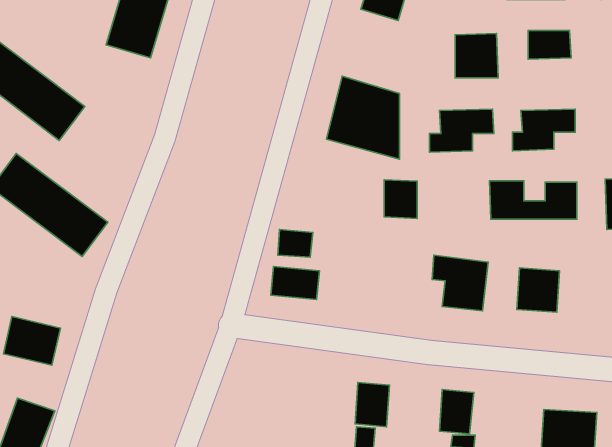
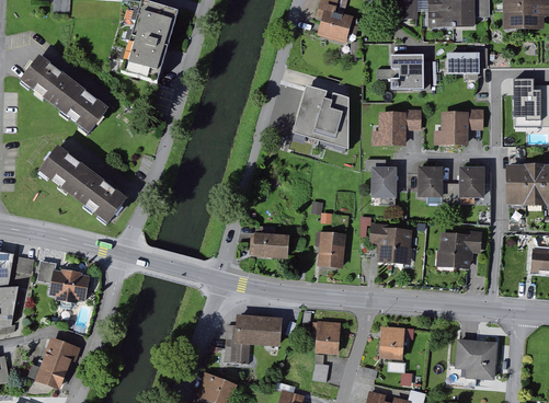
building: [384,180,417,218] -> [371,165,397,195]
building: [278,229,313,257] -> none
building: none -> [318,231,345,265]
building: none -> [224,314,282,364]

